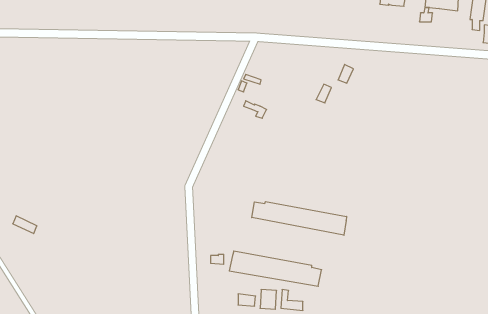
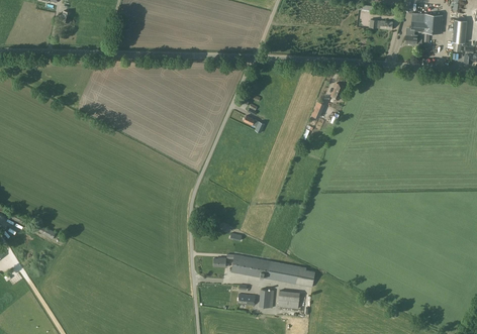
building: [252,202,347,235] -> none

